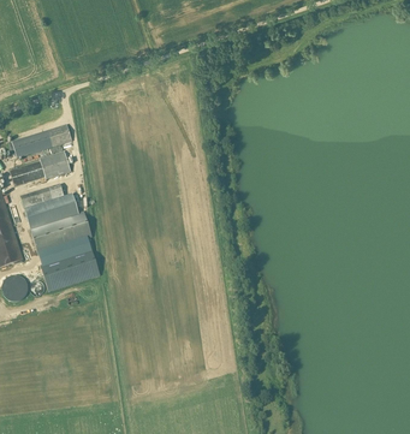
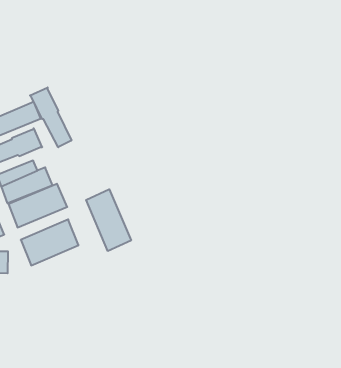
building: none -> [30,87,71,147]
building: none -> [86,189,131,251]

